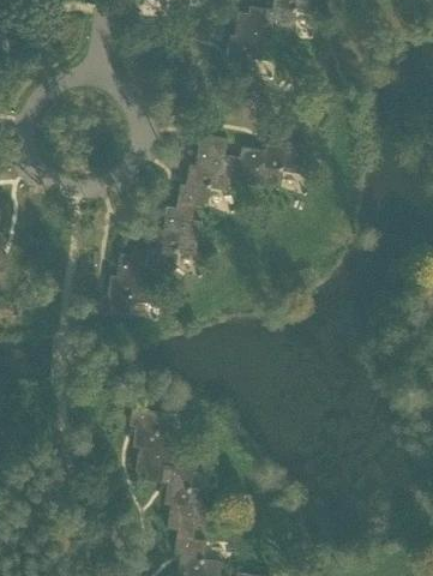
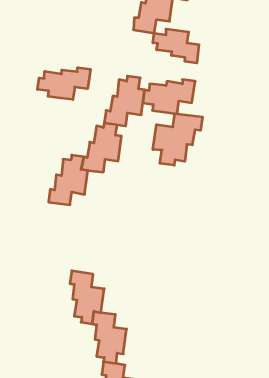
building: none -> [153,29,199,63]
building: none -> [38,68,90,100]
building: none -> [153,114,202,165]

